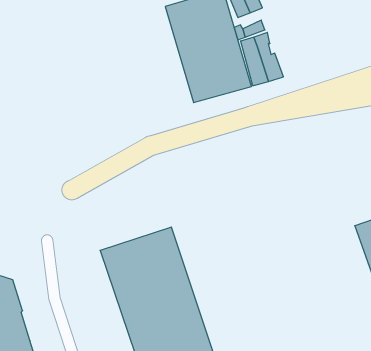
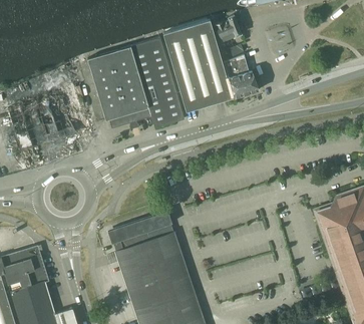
building: none -> [87,37,184,128]

